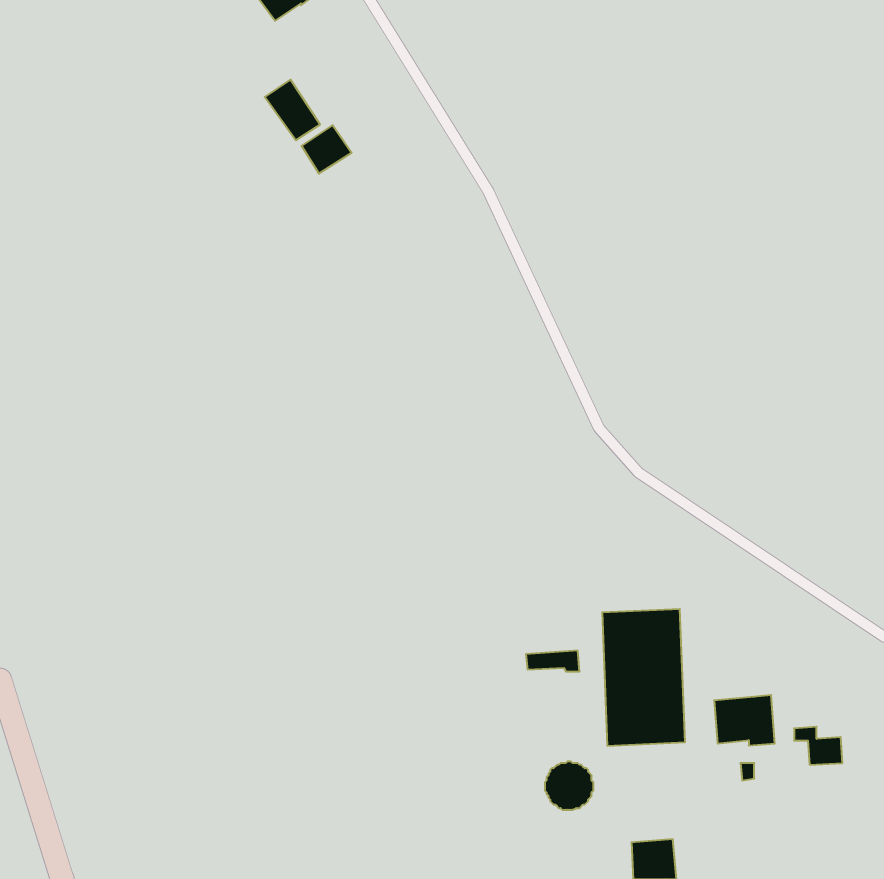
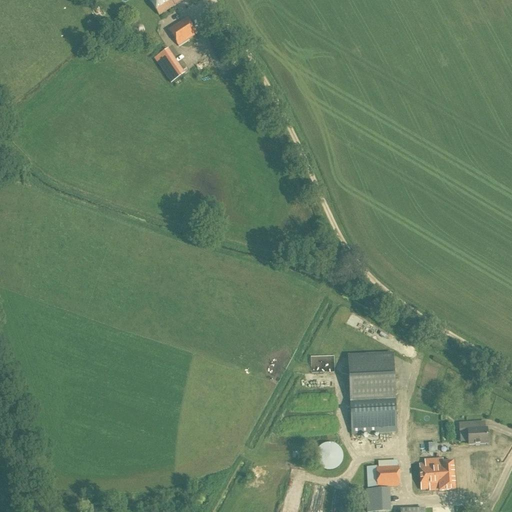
building: [301,125,352,174] -> [168,15,197,43]
building: [714,695,775,745] -> [419,459,454,488]
building: none -> [367,463,399,485]

